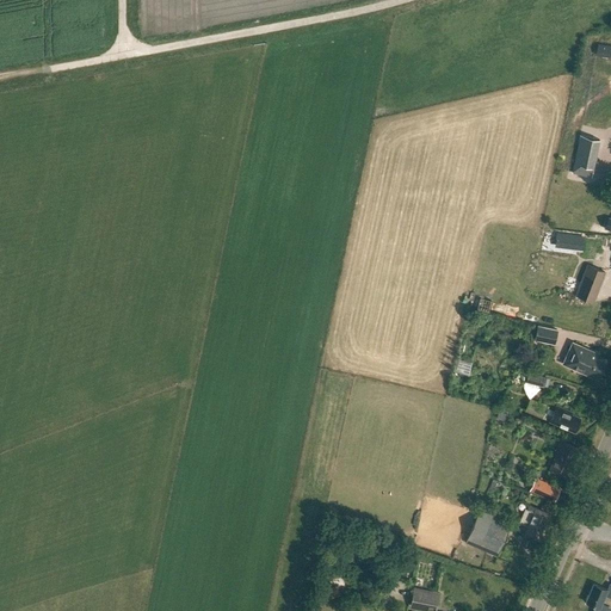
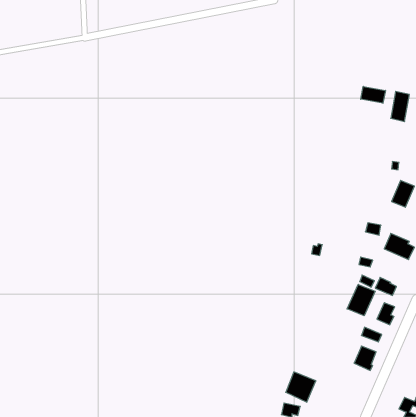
building: none -> [361,86,385,103]
building: none -> [347,284,375,316]
building: [468,512,512,556] -> [286,372,316,402]

